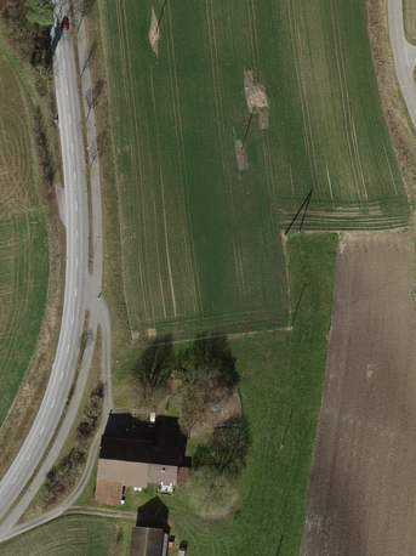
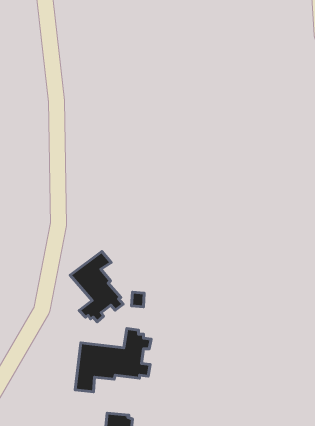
building: none -> [70,251,123,322]

